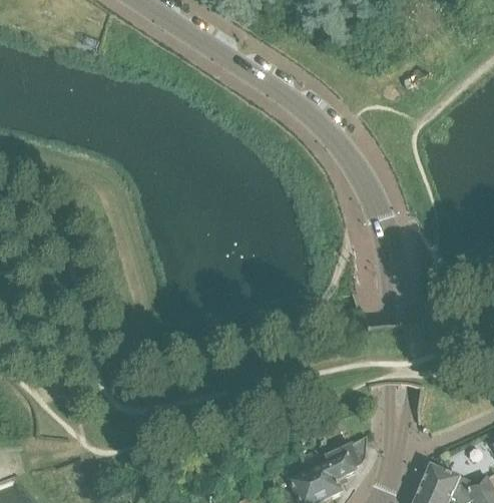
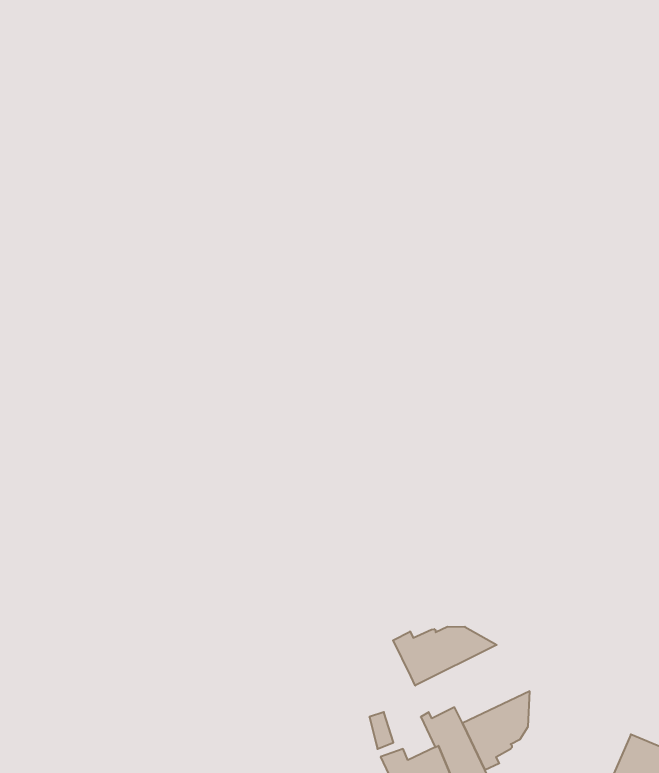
building: none -> [393,627,497,686]

